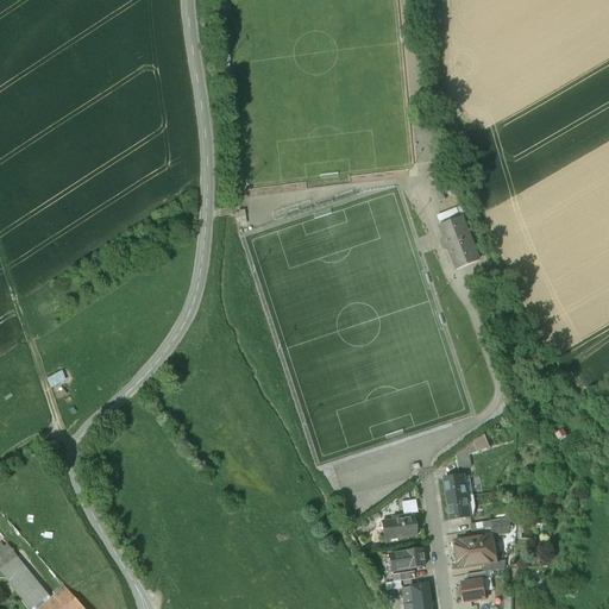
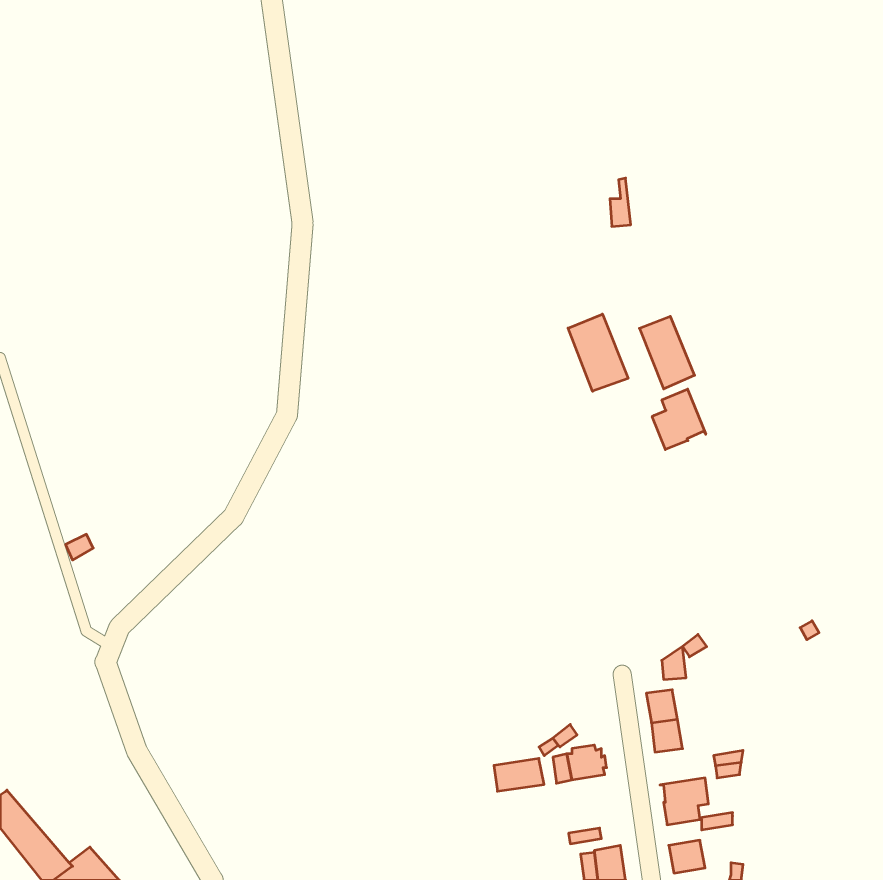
building: none -> [568,314,628,391]
building: none -> [652,389,706,450]
building: [389,547,423,570] -> [494,758,544,791]

